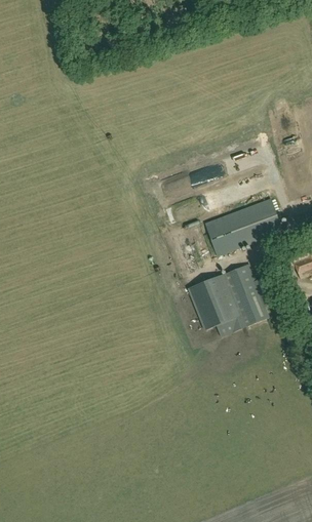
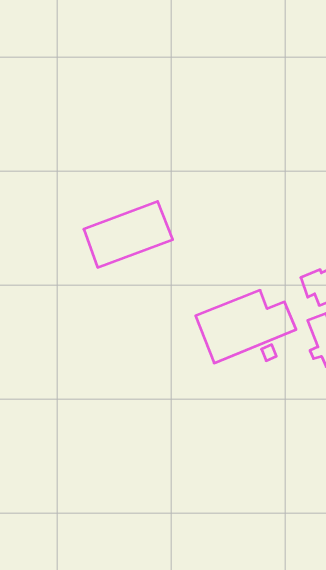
building: [205,198,284,256] -> [84,201,173,267]

